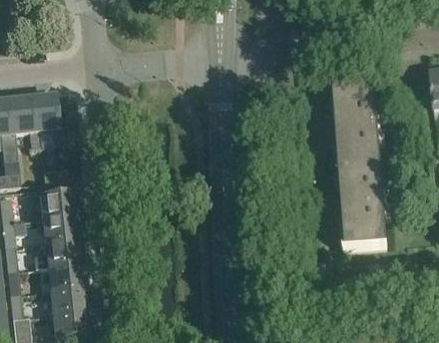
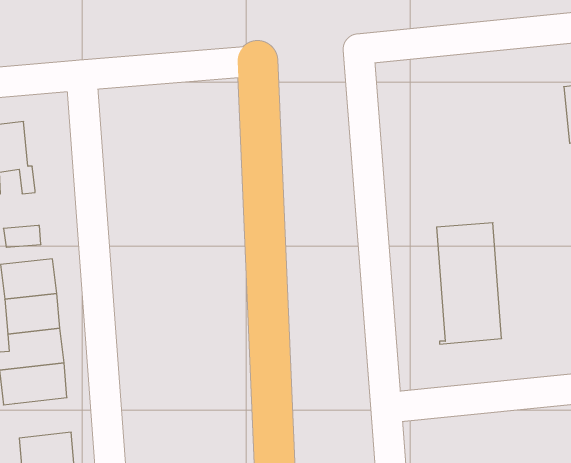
building: [332,83,381,167] -> none
building: [49,286,88,314] -> none

